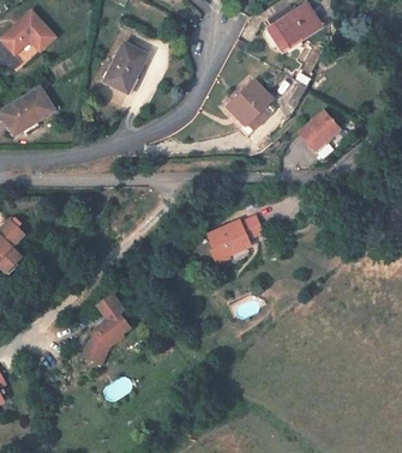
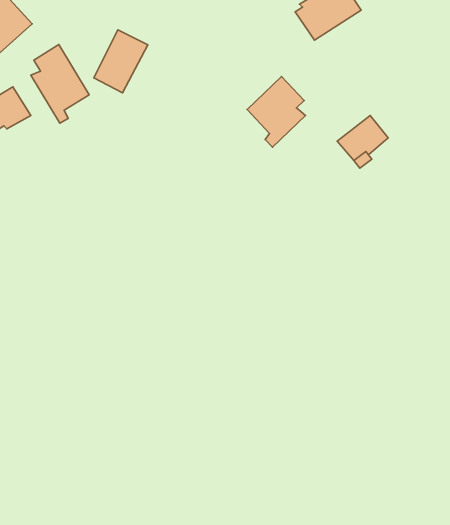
building: none -> [31,44,89,123]
building: [209,216,263,260] -> none
building: [86,295,128,355] -> none

